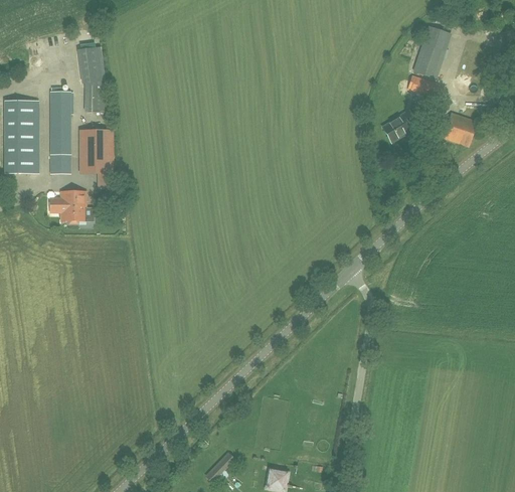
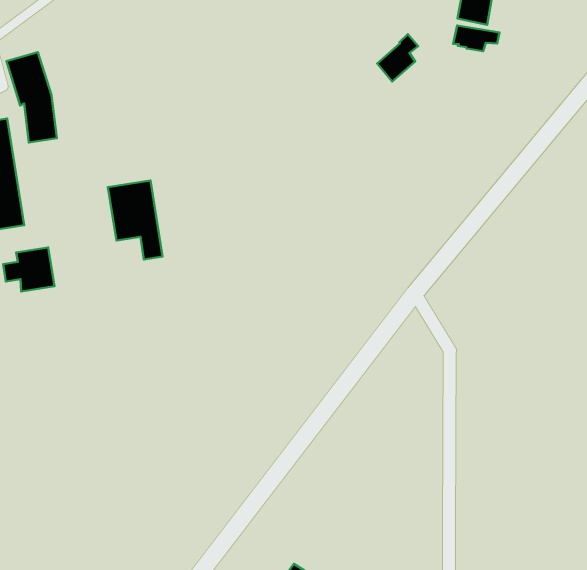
building: [381,108,413,141] -> [377,34,418,82]
building: [452,118,482,148] -> none
building: [79,129,112,186] -> [108,180,163,259]

